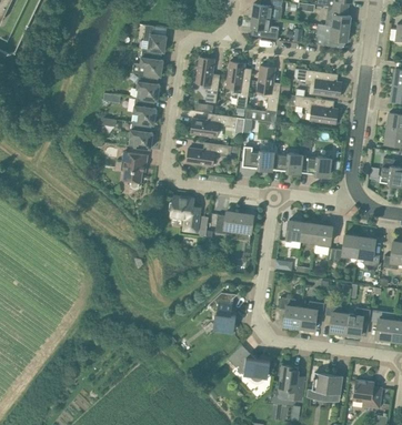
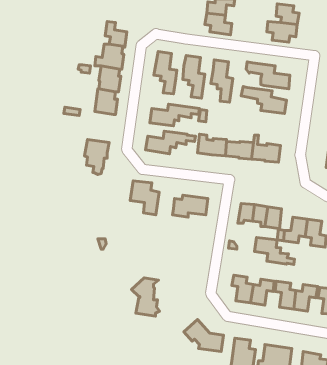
building: [129,122,153,150] -> none
building: none -> [254,237,294,264]
building: [208,293,238,334] -> [132,278,160,316]

